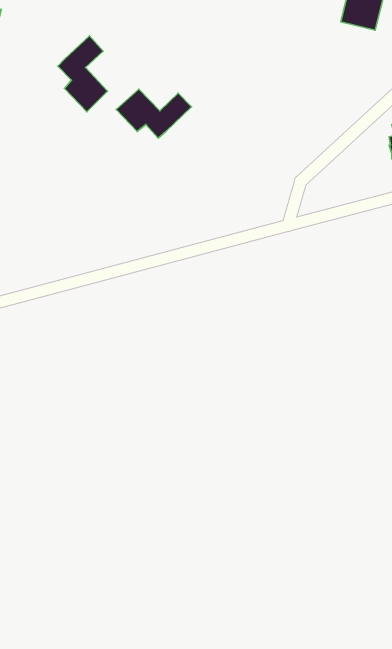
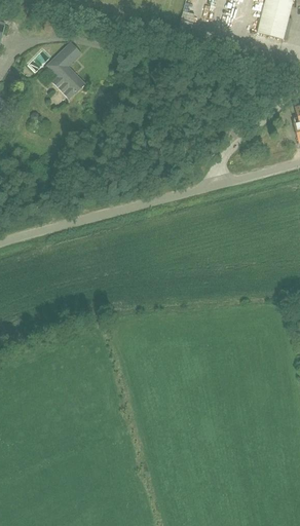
building: [116,89,192,138] -> none

